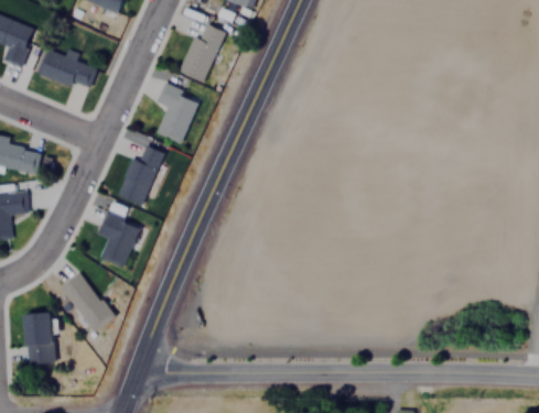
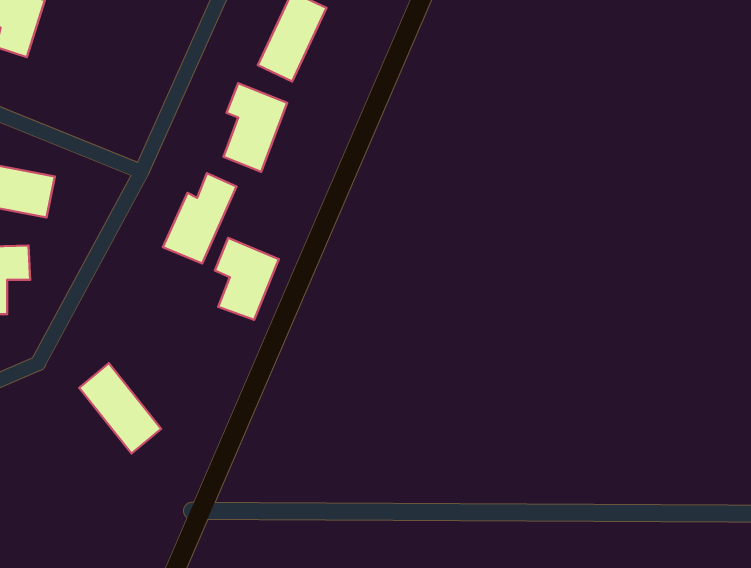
building: [37,47,96,90] -> none
building: [98,211,141,267] -> [215,238,279,320]
building: [24,313,55,366] -> none

